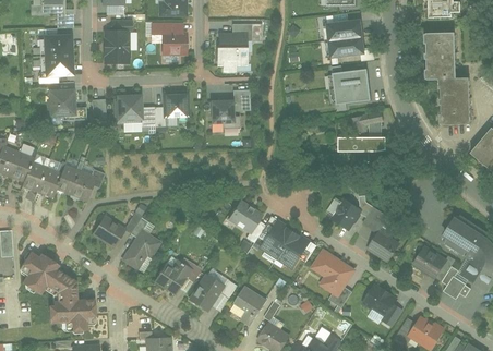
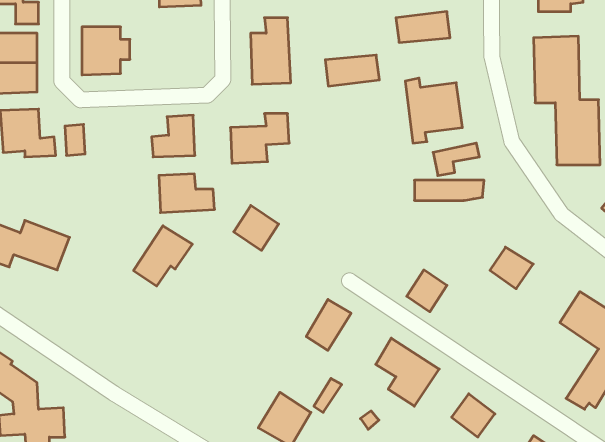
building: [159,21,188,53] -> none
building: [327,36,365,58] -> [325,55,379,86]
building: [115,95,154,122] -> [159,174,215,213]
building: [230,201,262,232] -> [234,205,279,250]
building: [92,217,123,246] -> none
building: [121,227,163,269] -> [134,226,192,286]
building: [277,230,310,266] -> none
building: [369,232,399,262] -> [490,247,533,289]
building: [414,246,446,276] -> none
building: [155,259,189,294] -> none
building: [188,273,223,311] -> none

